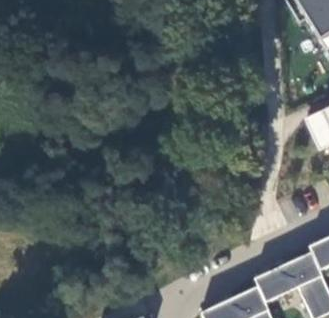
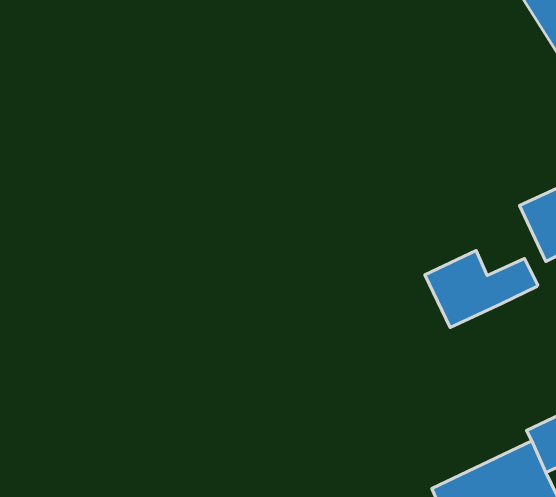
building: none -> [425,251,538,328]

